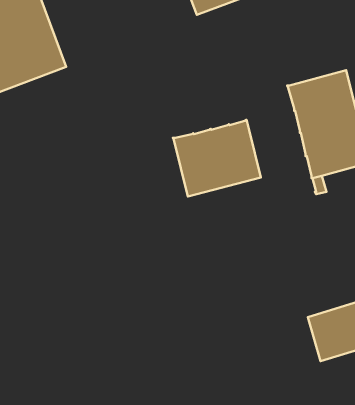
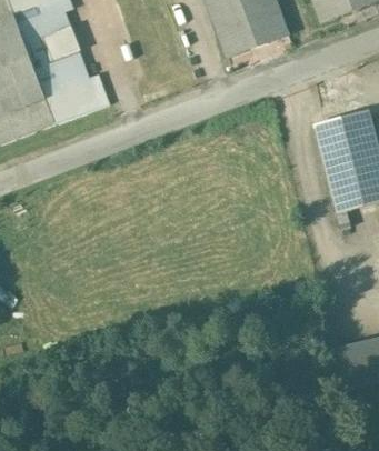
building: [173,120,261,197] -> none

